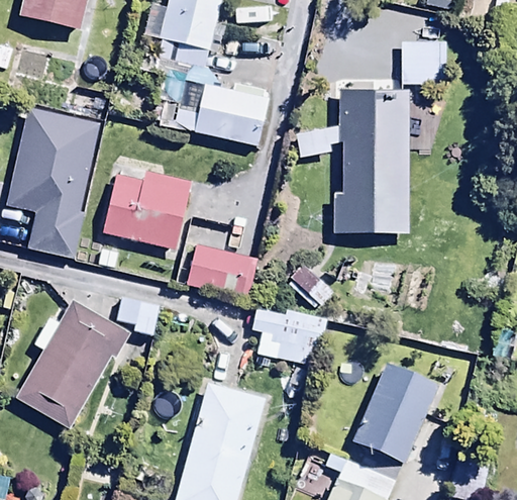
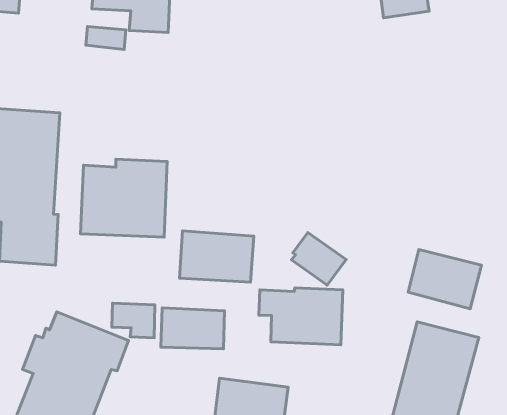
building: [176,84,268,146] -> none
building: [298,87,410,233] -> none
building: none -> [408,249,482,309]
building: none -> [161,308,225,349]

